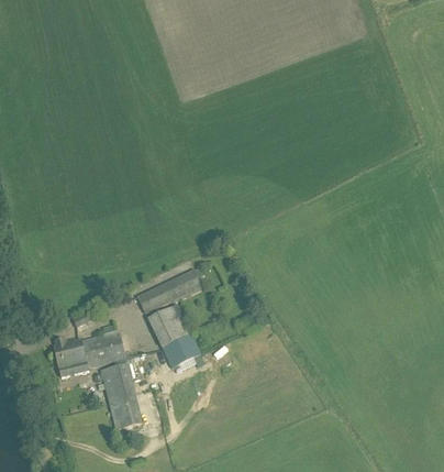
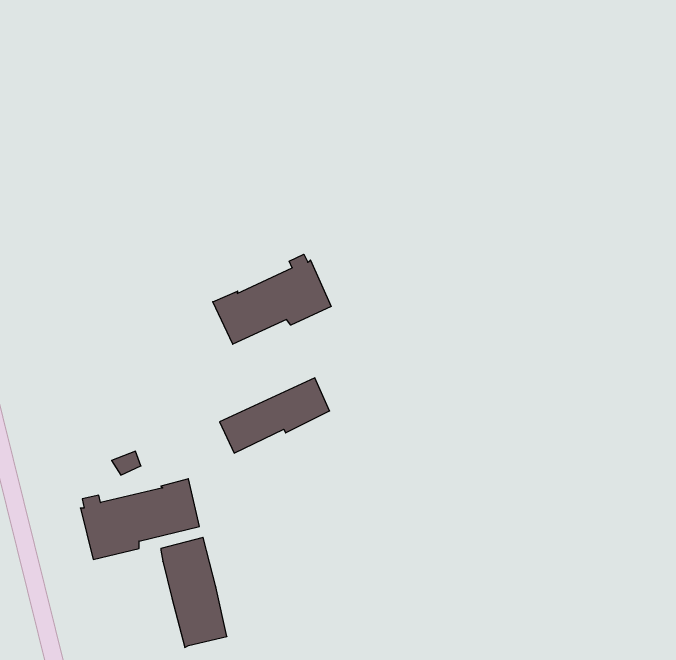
building: none -> [213,254,331,344]
building: [147,304,201,367] -> none

